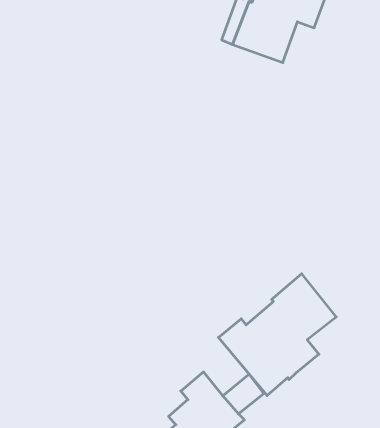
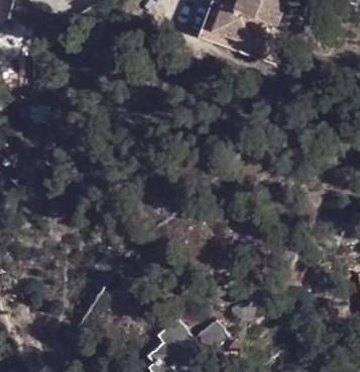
building: [218,274,336,396] -> none

